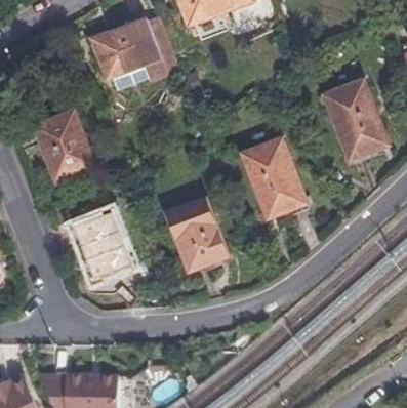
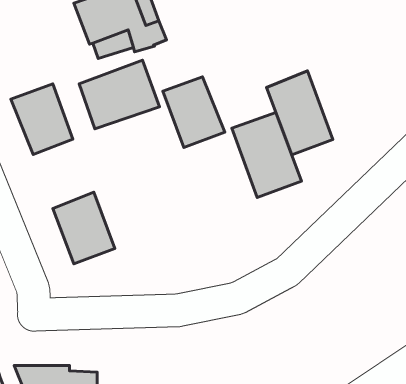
building: [325,79,386,157] -> [267,71,333,155]
building: none -> [79,60,160,129]
building: [169,204,227,270] -> [163,77,225,148]

